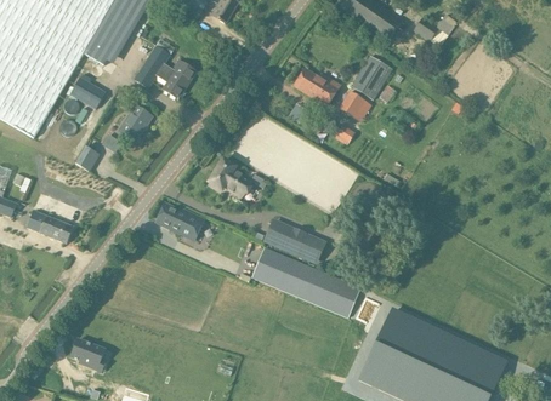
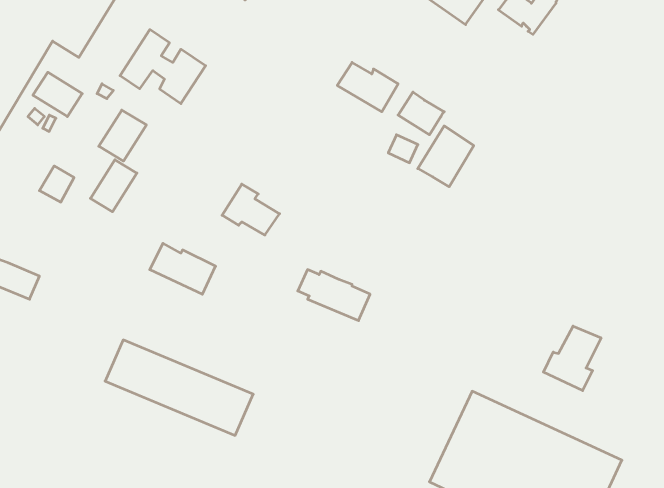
building: [351,55,392,99] -> [418,126,474,187]
building: none -> [90,160,137,212]
building: [251,247,360,317] -> [105,340,253,435]
building: none -> [543,326,601,391]
building: [70,338,106,372] -> none

